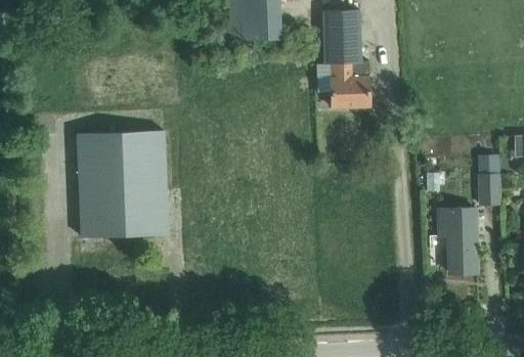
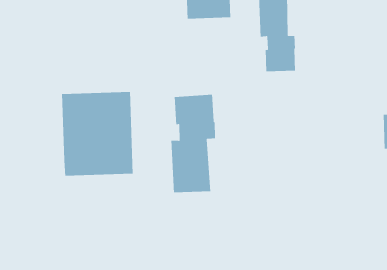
building: none -> [170,94,216,193]
building: [438,207,477,273] -> none

